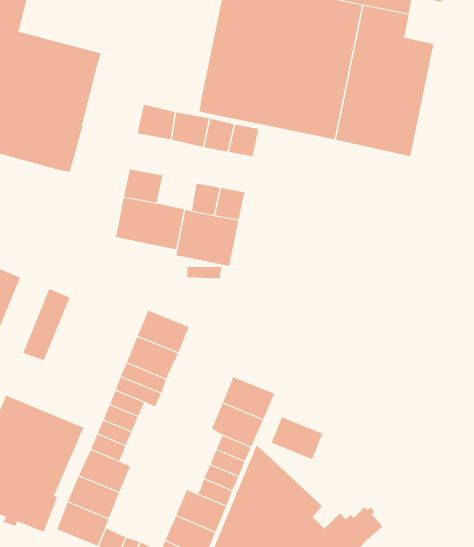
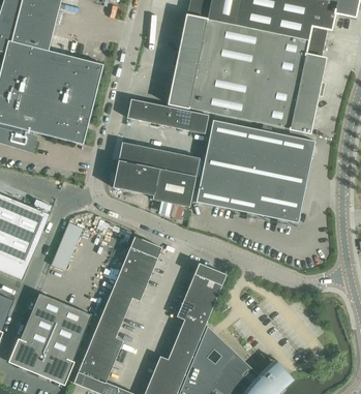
building: none -> [197,119,315,221]
building: none -> [141,145,167,169]
building: [271,417,323,460] -> [191,262,227,291]

